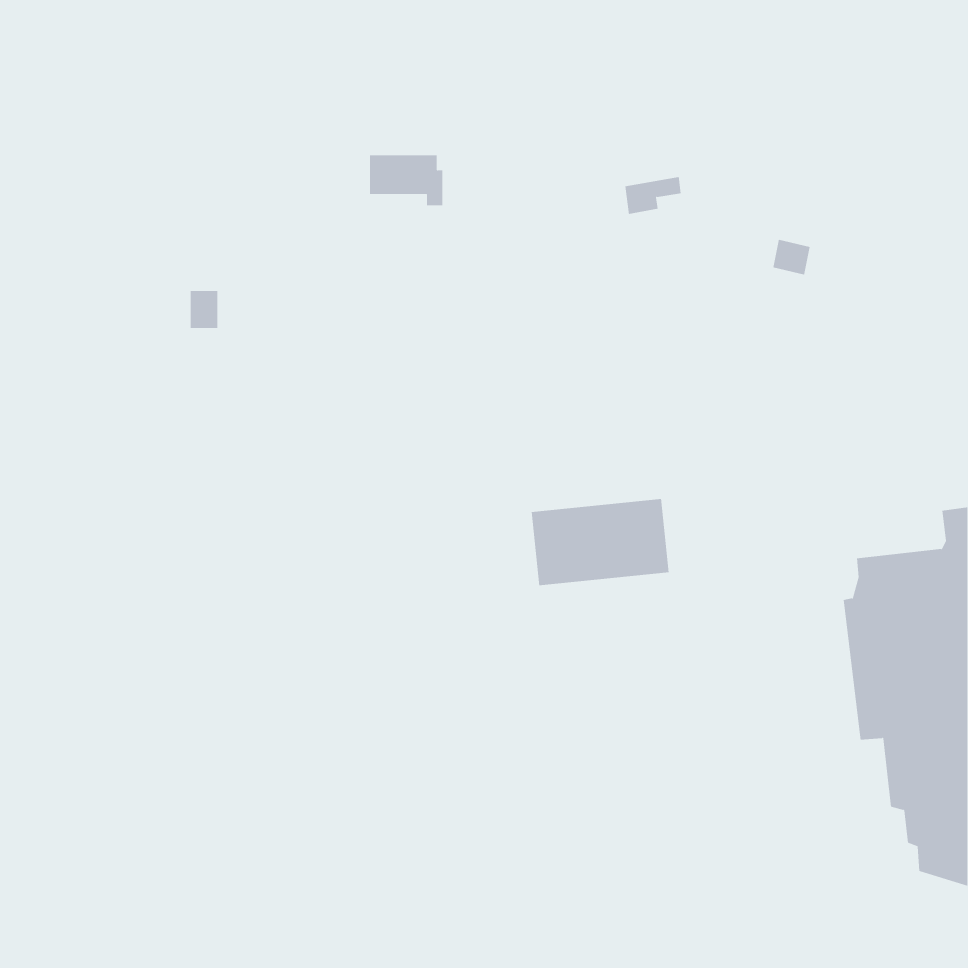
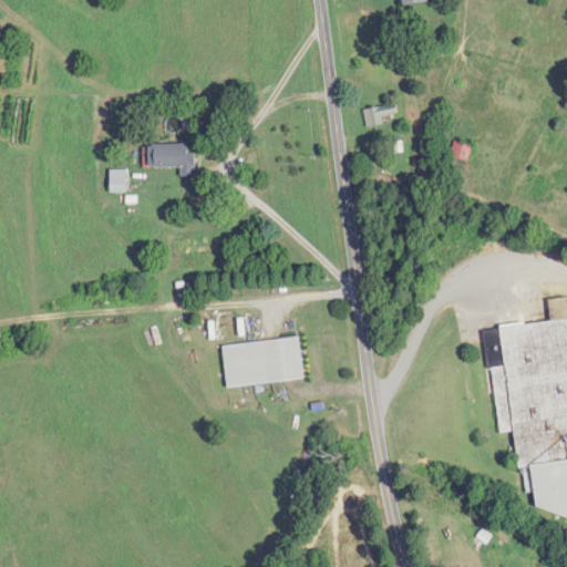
building: [369,155,443,206] -> [150,144,193,174]
building: [531,499,669,586] -> [224,337,305,388]

